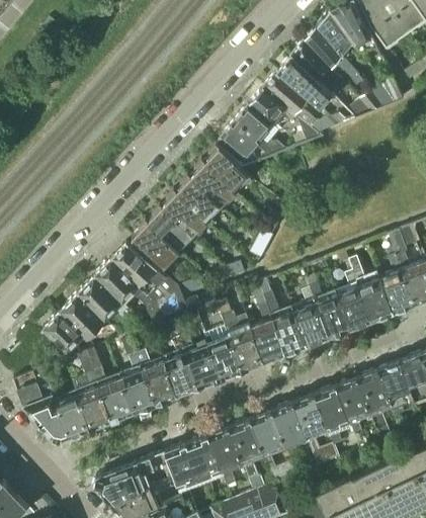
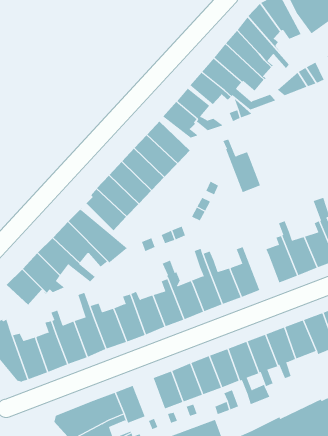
building: [308,276,351,337] -> [222,139,261,193]
building: [186,436,222,480] -> none

